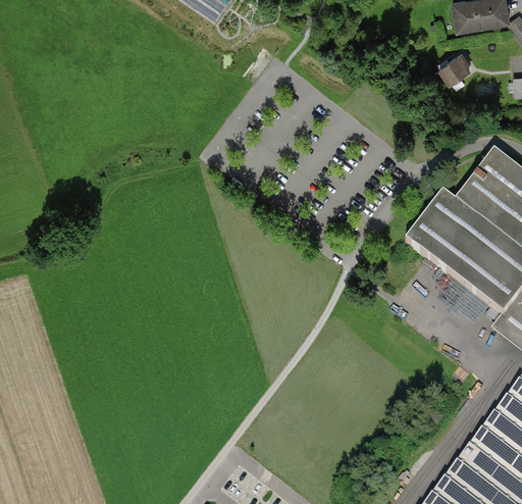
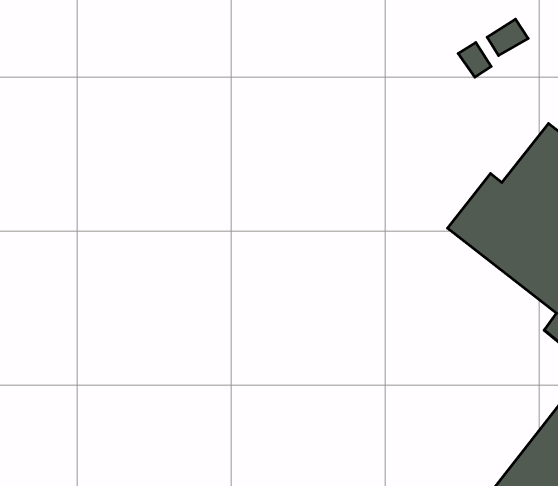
building: none -> [458,42,491,77]

